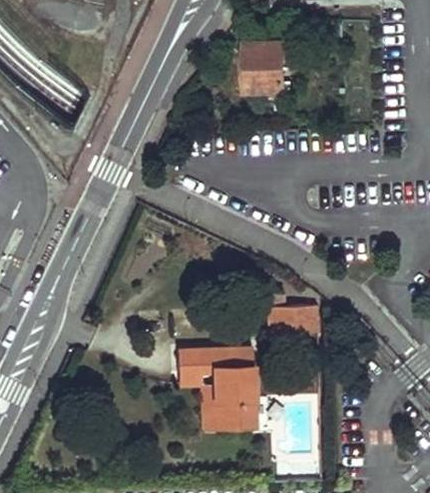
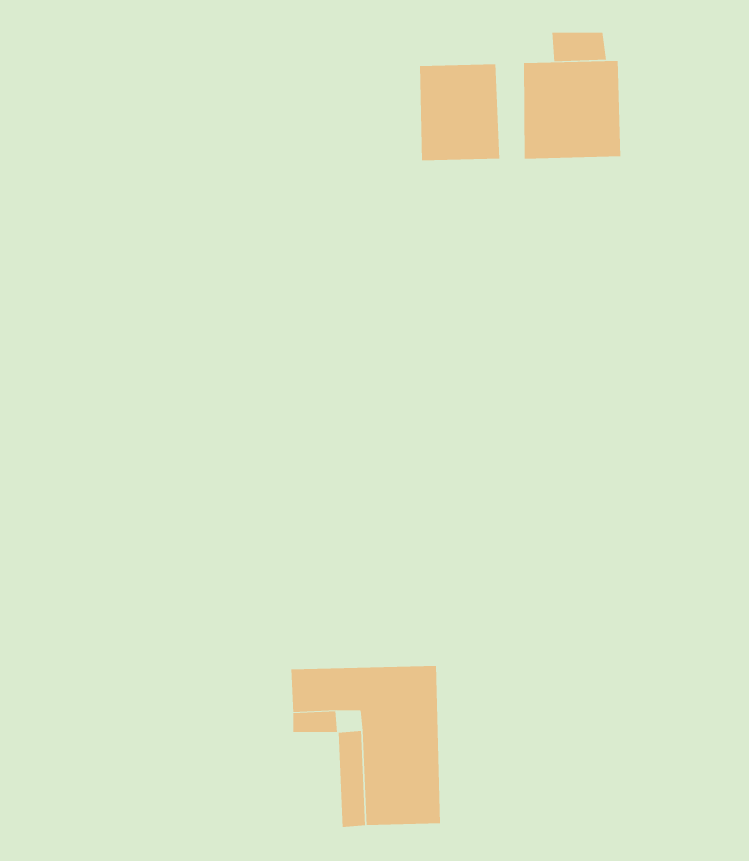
building: none -> [524,60,621,159]
building: [266,309,317,337] -> none

